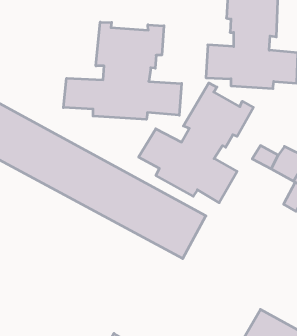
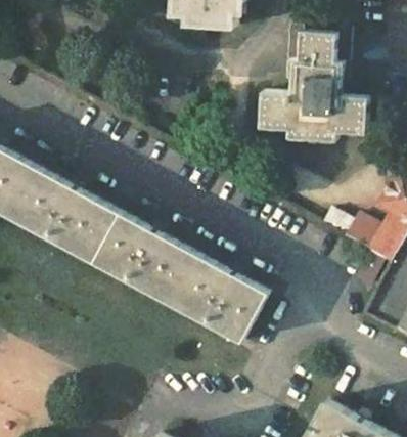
building: [63,22,182,119] -> none
building: [139,83,253,203] -> none

